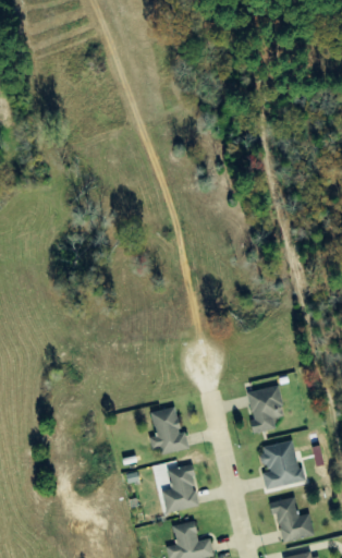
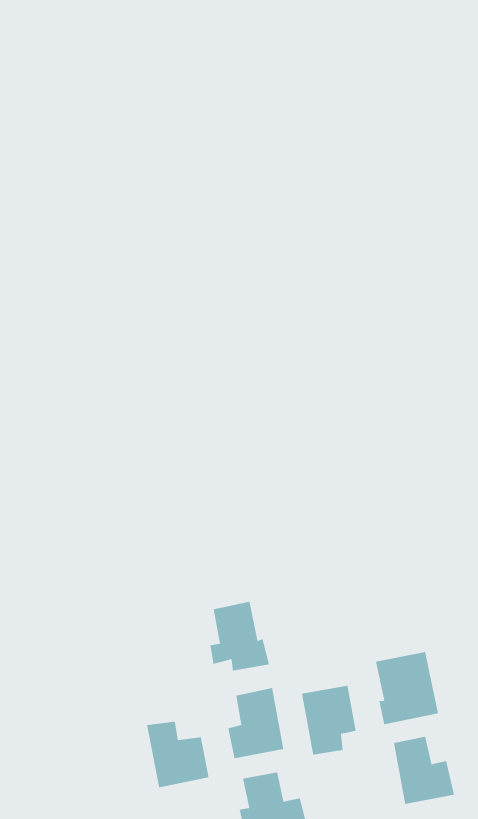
building: [246,386,283,433] -> [301,685,356,755]
building: none -> [147,721,209,788]

